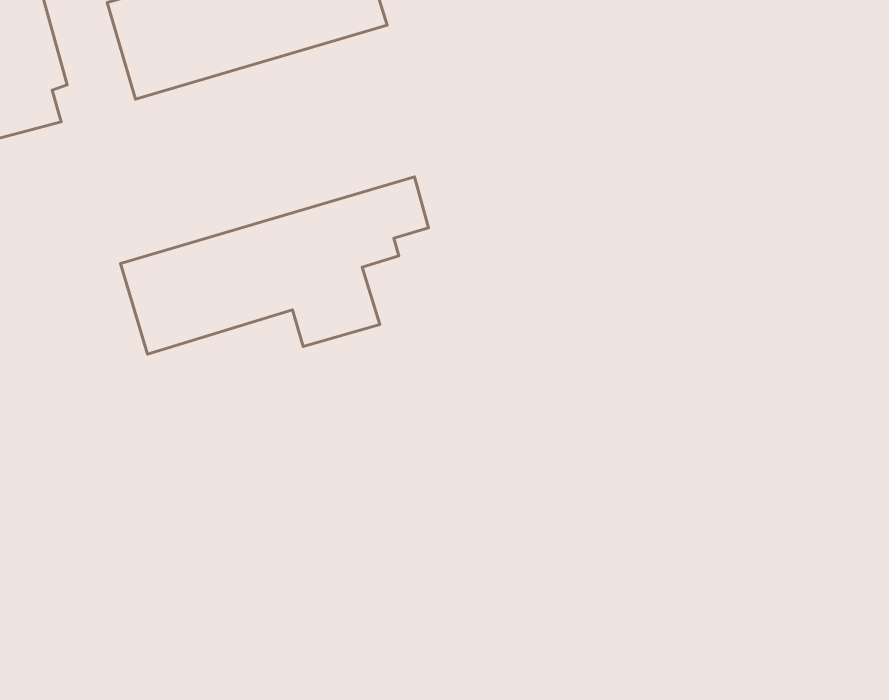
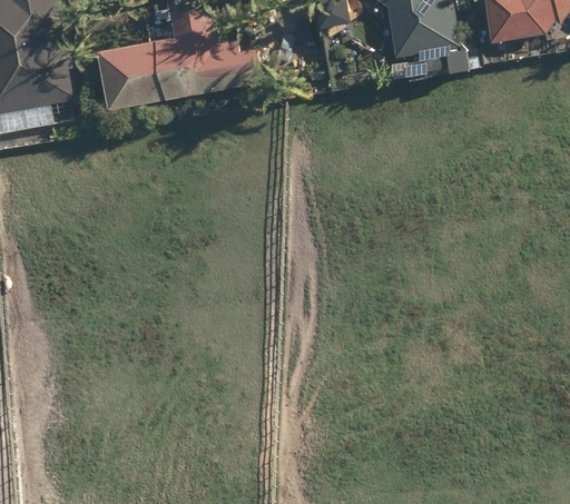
building: [121,177,429,354] -> none

